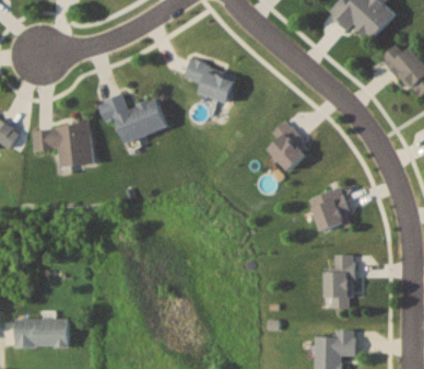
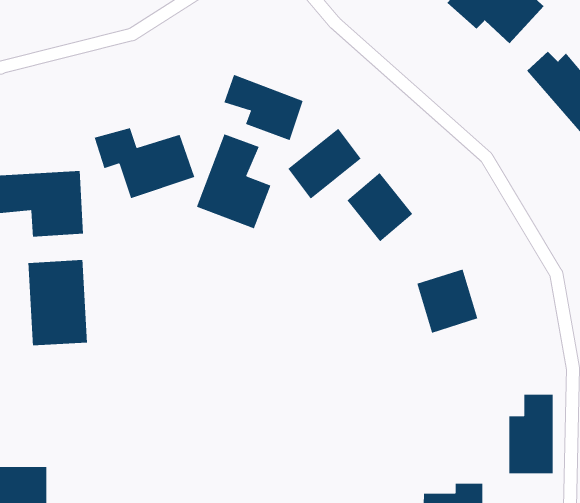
building: none -> [287,128,362,200]
building: none -> [196,133,271,229]
building: none -> [28,259,88,346]
building: [323,254,353,307] -> [509,394,553,474]

